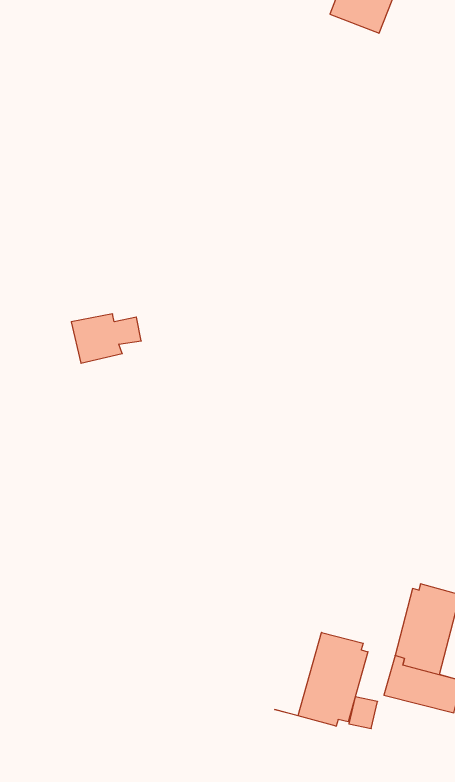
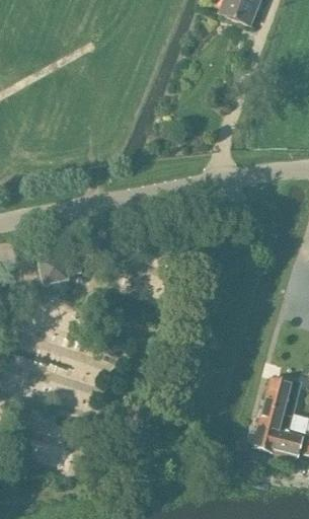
building: [71,314,141,363] -> [37,254,82,286]
building: [275,632,368,726] -> none

